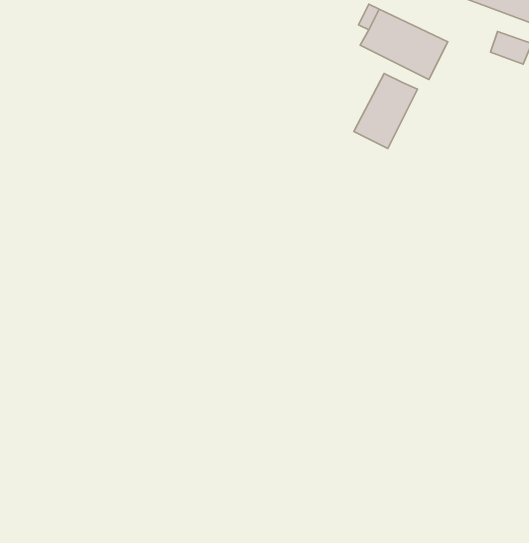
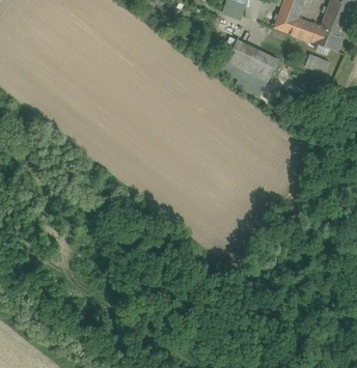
building: [354,73,418,149] -> none

